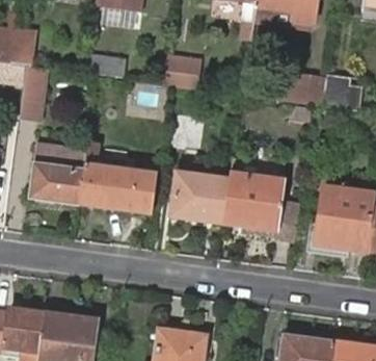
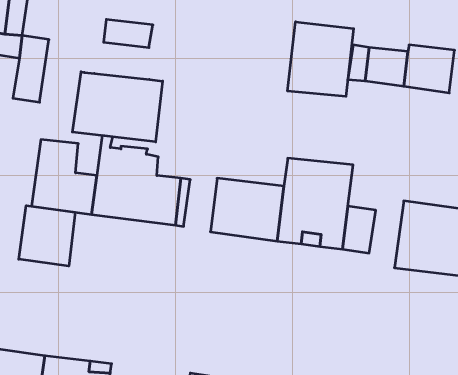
building: none -> [288,22,354,96]
building: [164,54,196,85] -> none
building: none -> [72,72,163,142]
building: none -> [19,206,75,266]

